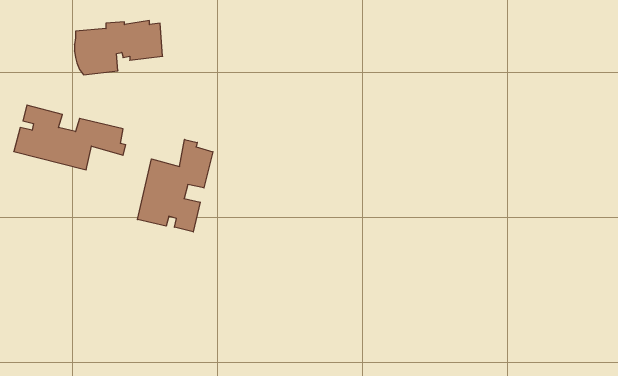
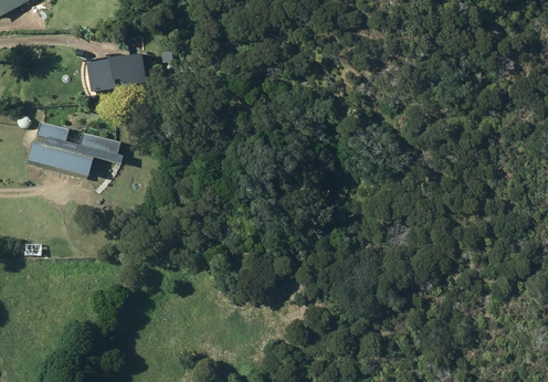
building: [137,139,213,232] -> none

